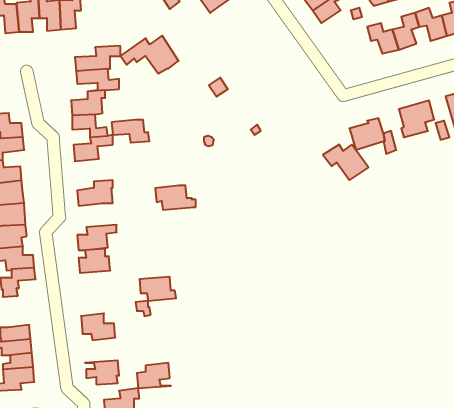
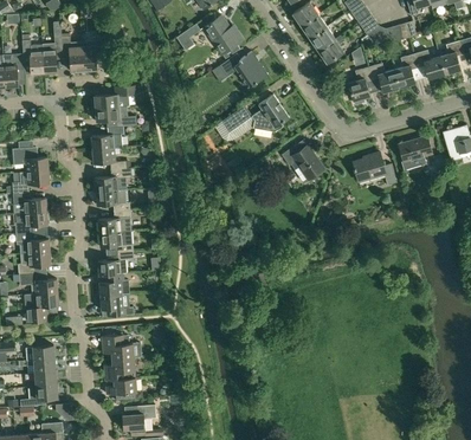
building: none -> [348,67,373,102]
building: [120,36,179,74] -> [213,52,267,88]
building: none -> [251,93,286,129]
building: [112,120,149,143] -> [96,190,131,212]
building: [323,145,368,180] -> [282,145,324,179]
building: [155,186,196,210] -> [99,232,137,254]
building: [139,277,176,301] -> [101,295,135,317]
building: [137,363,171,388] -> [104,357,136,381]

